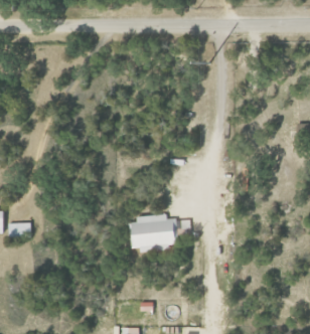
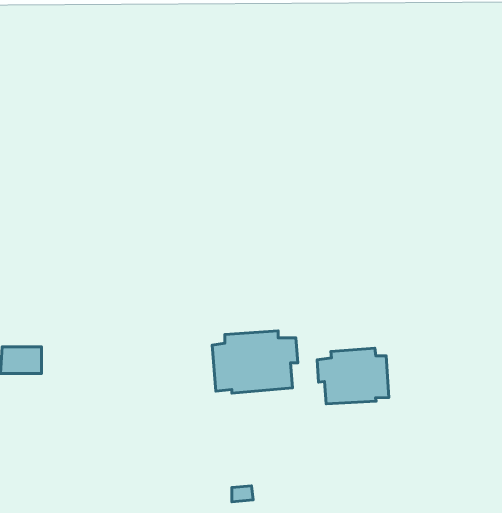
building: none -> [317,348,389,404]

